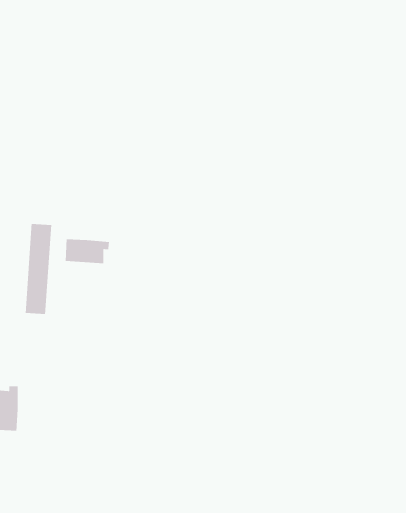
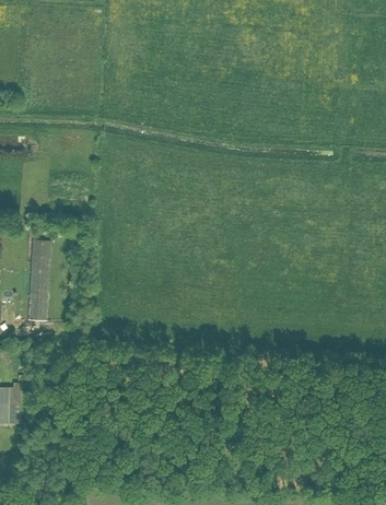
building: [65,238,110,264] -> none

